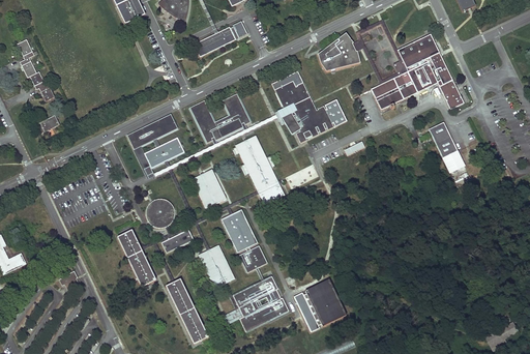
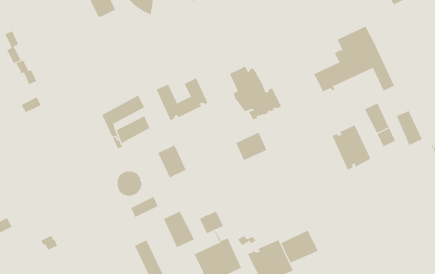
building: [194,27,236,57] -> none
building: [318,33,360,71] -> none
building: none -> [396,110,422,146]
building: [236,136,285,205] -> none
building: none -> [332,125,371,170]
building: [222,209,258,253] -> none
building: [117,230,156,287] -> none
building: none -> [281,230,318,264]

